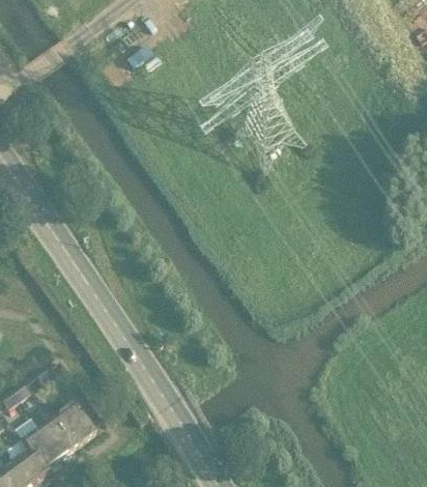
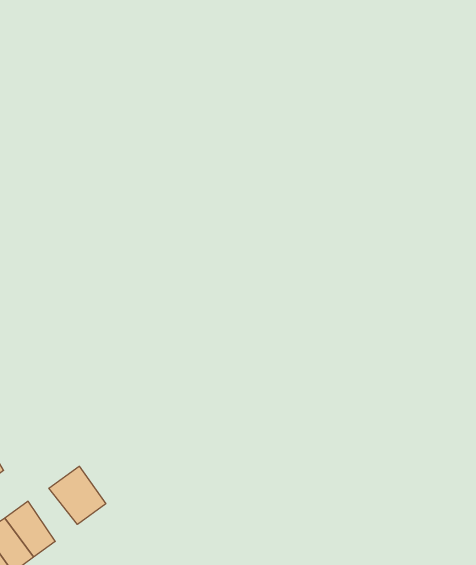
building: none -> [49,466,106,524]

